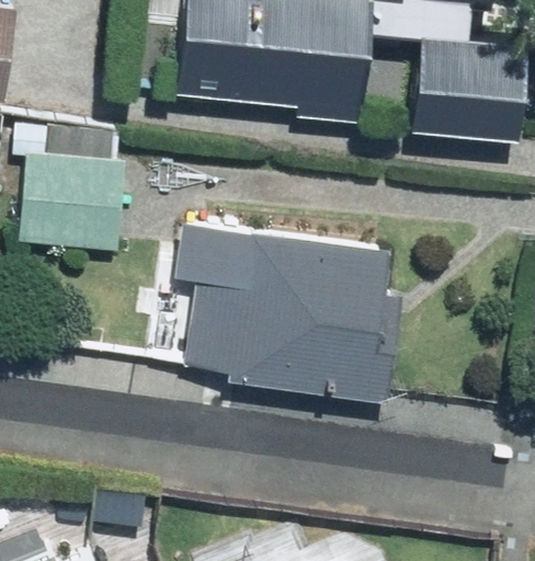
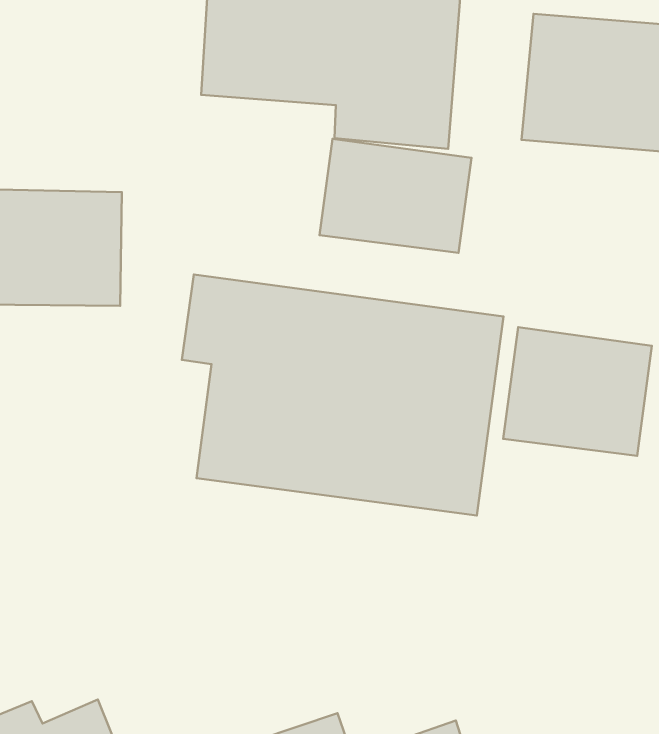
building: none -> [320,139,471,253]
building: none -> [503,327,652,456]

